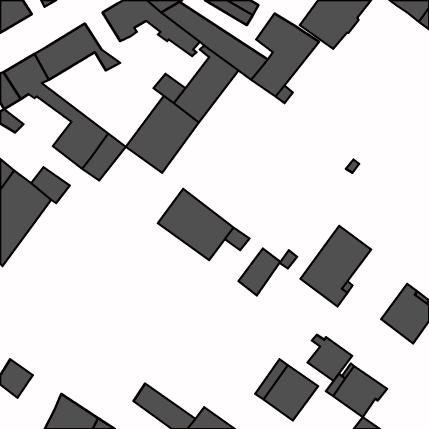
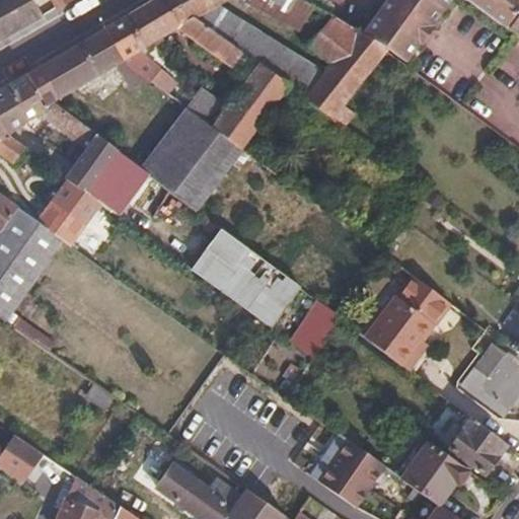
building: none -> [102,15,172,89]
building: none -> [53,180,99,224]
building: [308,335,352,381] -> [452,418,506,473]

